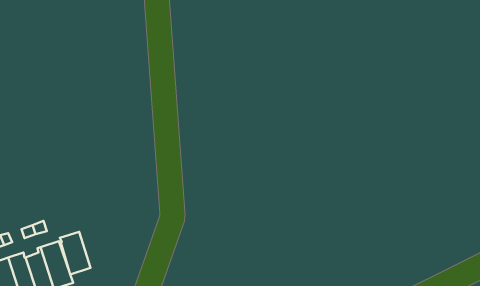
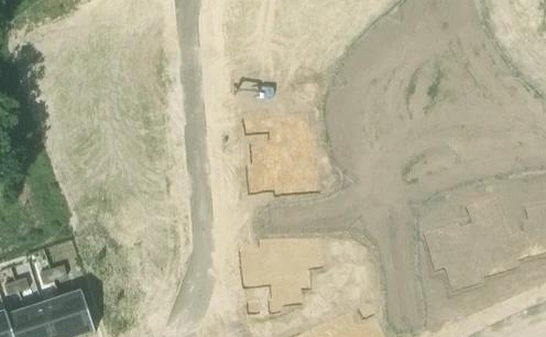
building: [60,232,91,274] -> none

